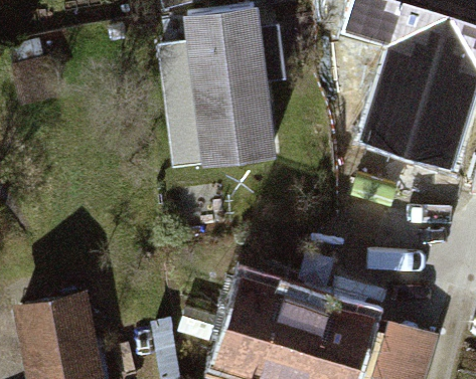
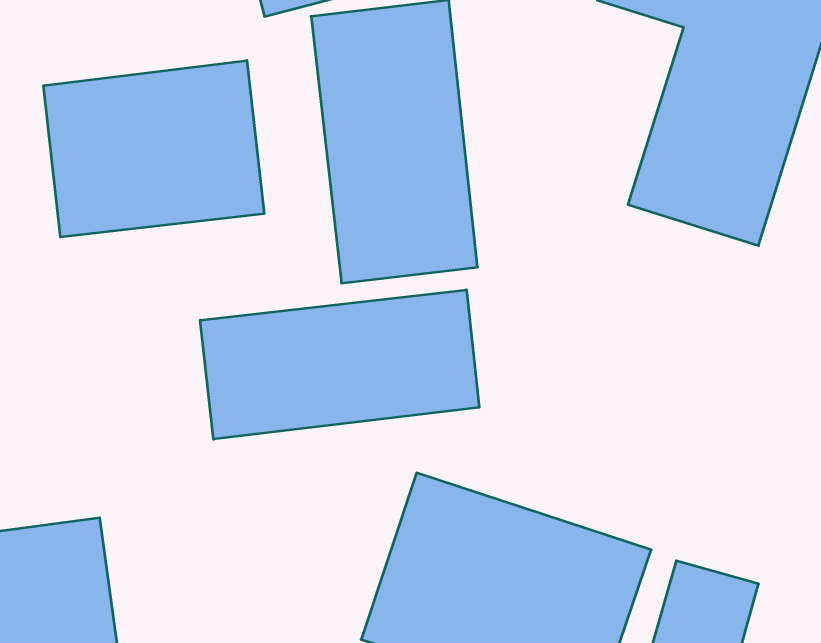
building: none -> [44,60,264,237]
building: none -> [200,290,479,439]

